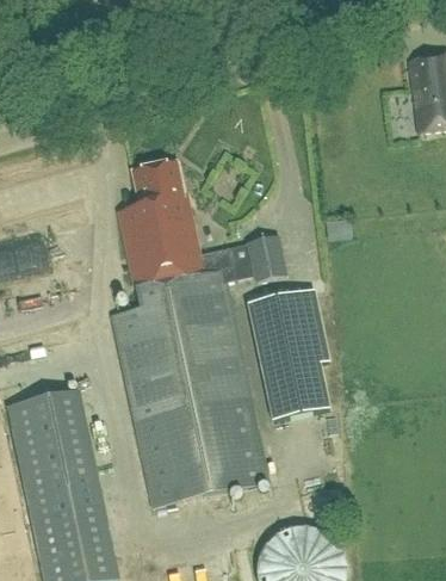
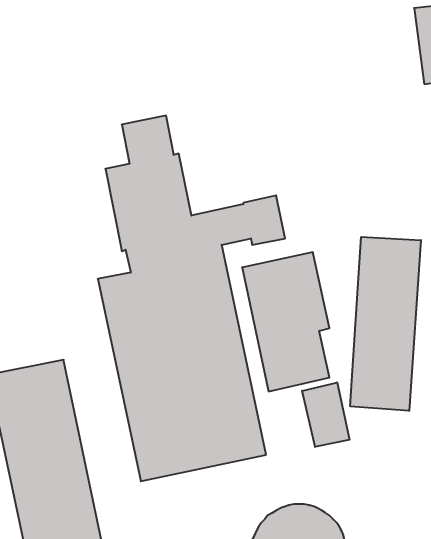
building: none -> [350,237,421,411]
building: none -> [302,382,349,447]

